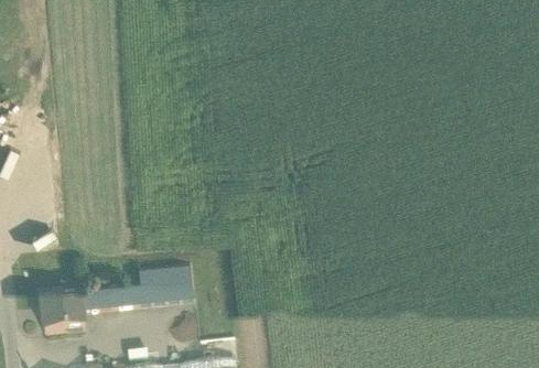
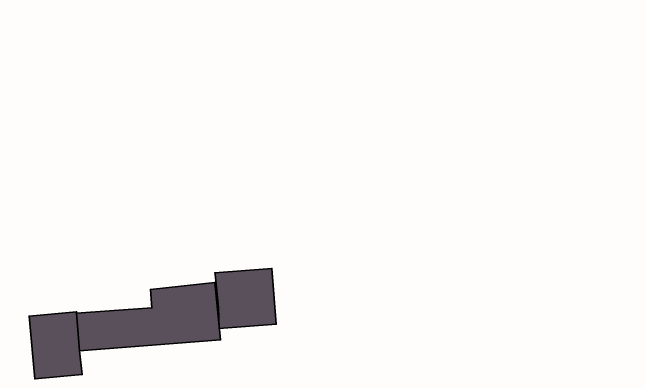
building: none -> [215,268,276,329]

